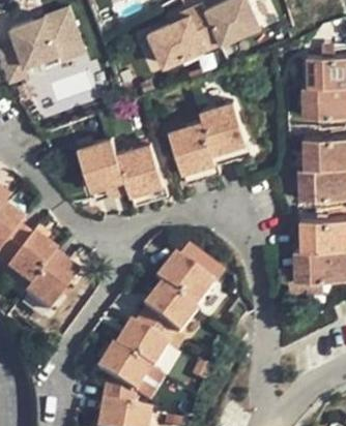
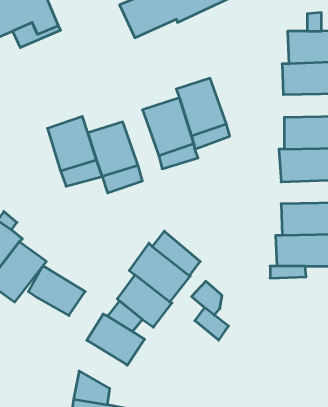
building: [97,347,151,394] -> [28,266,85,316]

